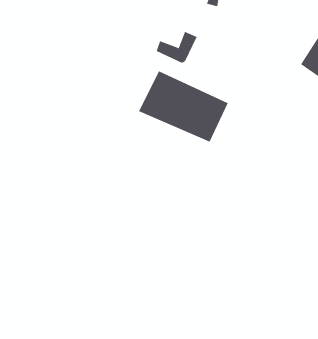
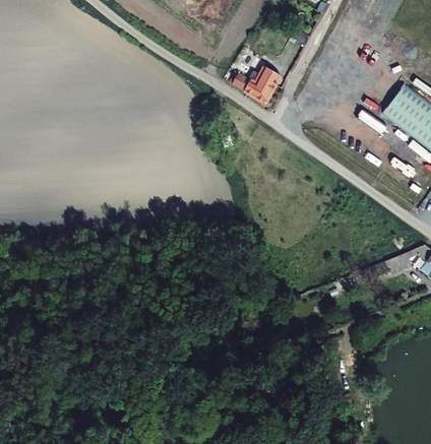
building: [138,71,229,142] -> none

